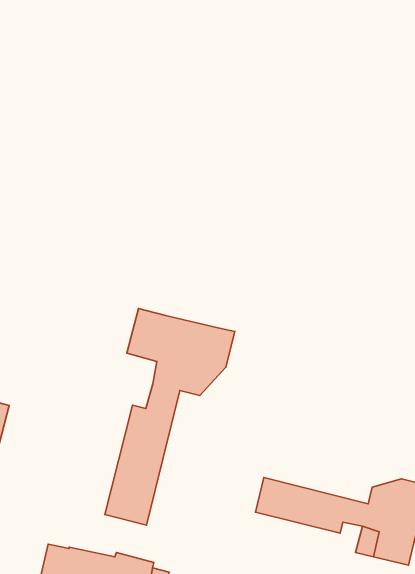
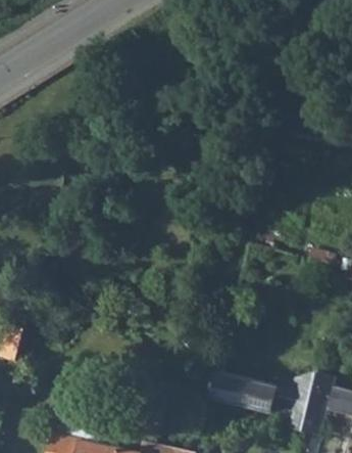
building: [105,309,235,525] -> none

